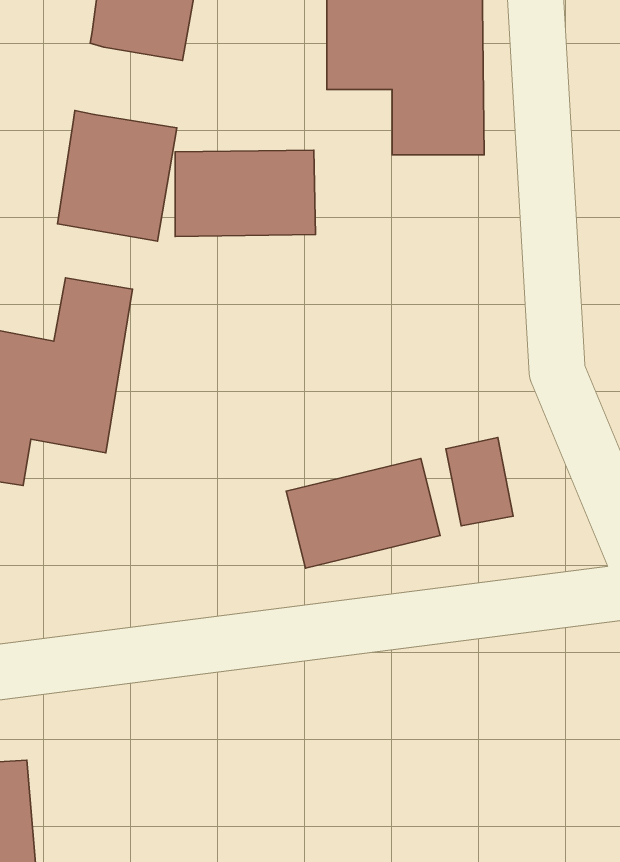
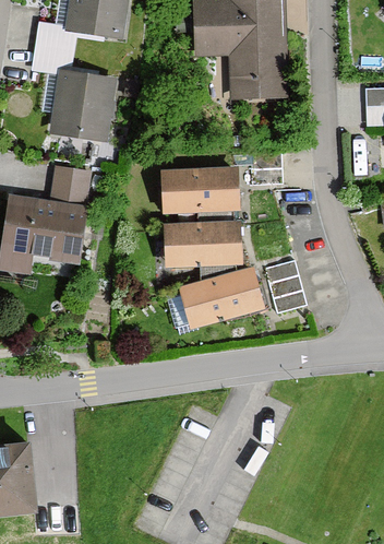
building: none -> [29,22,75,78]
building: [175,150,316,237] -> [159,166,239,215]
building: none -> [161,222,243,270]

